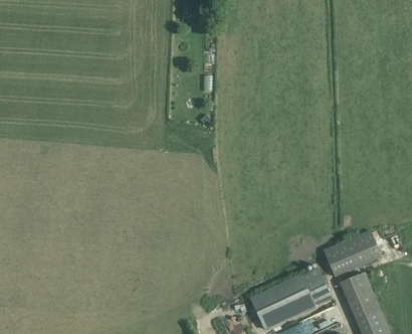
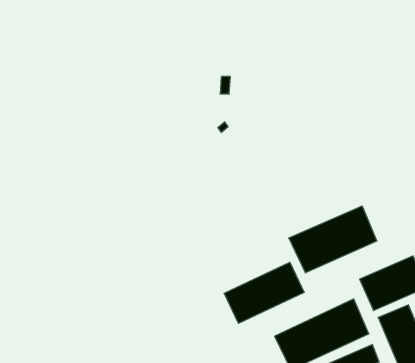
building: none -> [289,206,377,273]
building: none -> [224,262,304,323]

